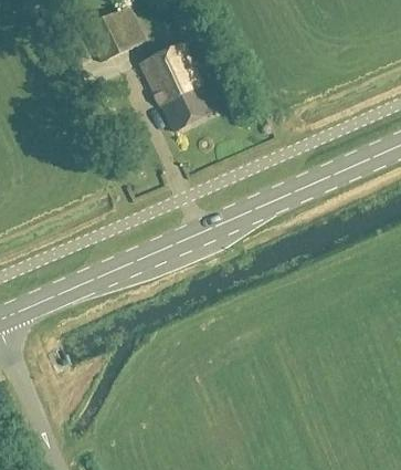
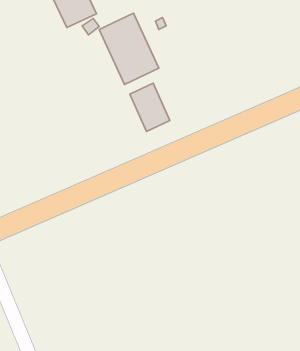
building: none -> [130,83,170,131]

